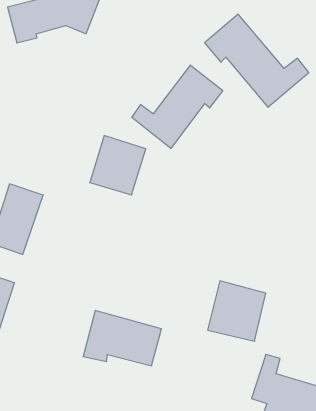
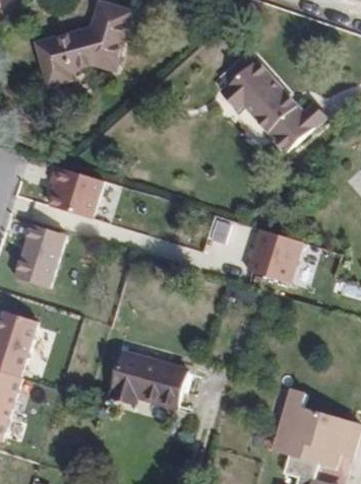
building: [132,65,223,148] -> none
building: [90,136,146,195] -> [49,165,105,224]
building: [208,281,266,341] -> [243,232,301,292]

